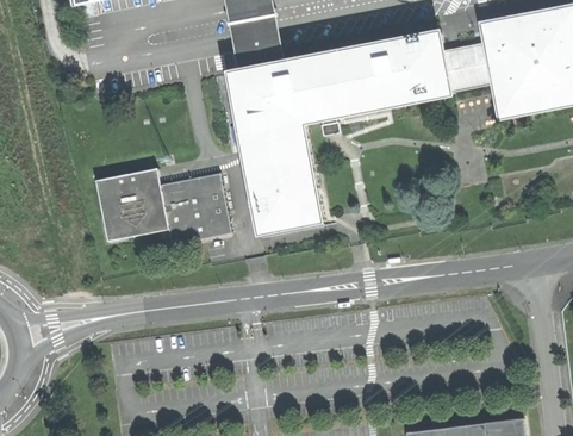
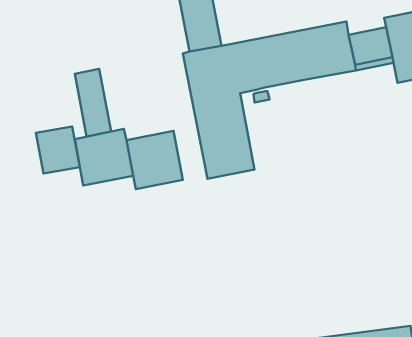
building: none -> [75,69,111,137]
building: none -> [36,127,80,174]

